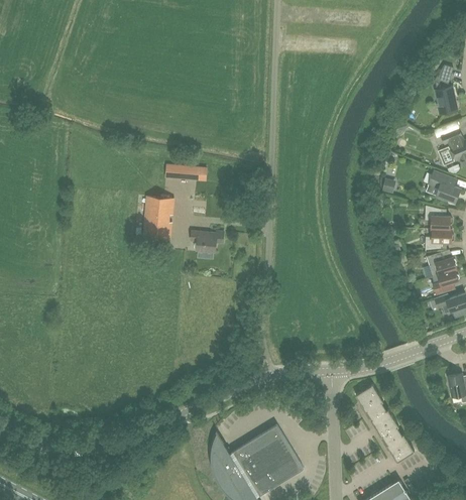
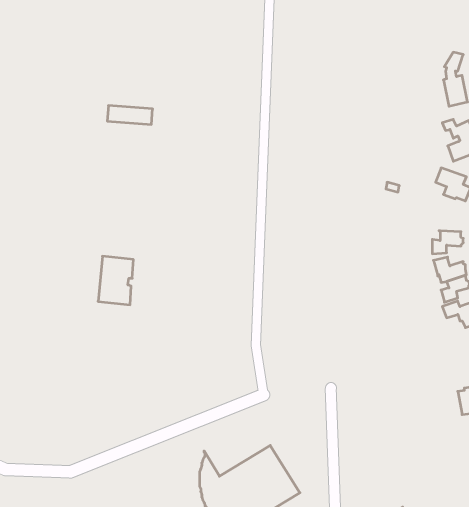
building: [165,163,207,180] -> [107,106,153,124]
building: [142,195,174,239] -> [98,256,133,305]
building: [425,205,452,229] -> none
building: [191,230,224,251] -> none
building: [355,384,415,462] -> none

